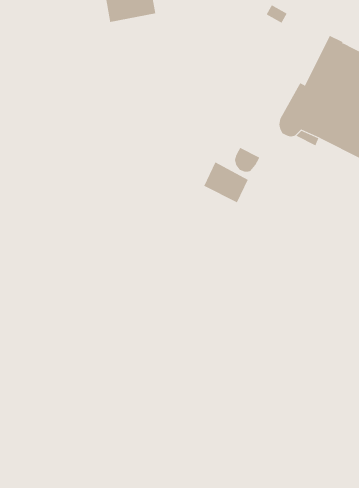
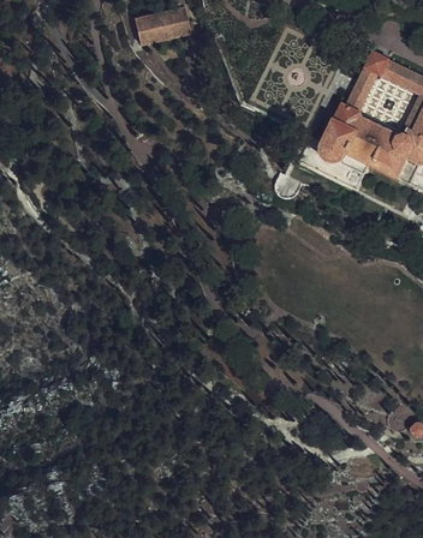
building: [203,162,249,203] -> none

